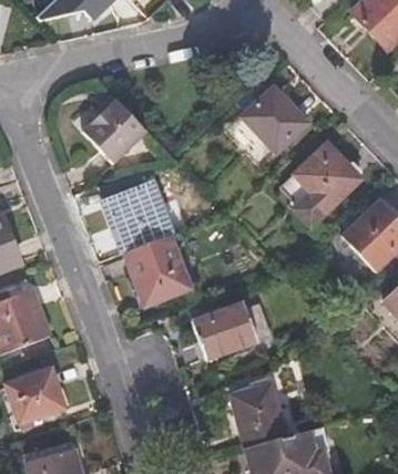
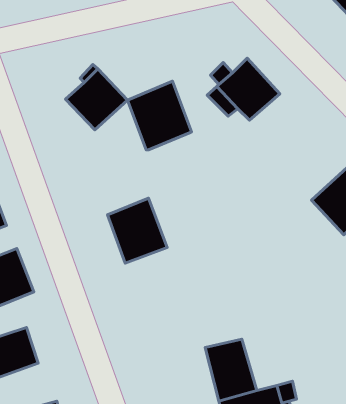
building: [294,144,361,228] -> none
building: [106,179,174,251] -> [127,81,192,150]
building: [193,302,268,358] -> none

